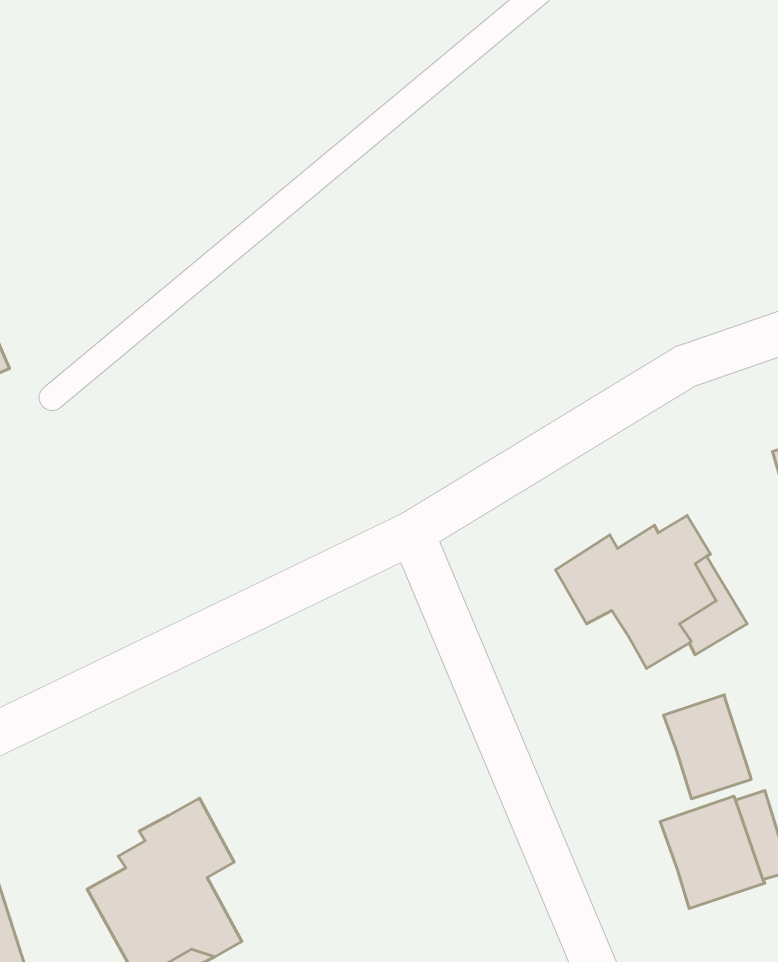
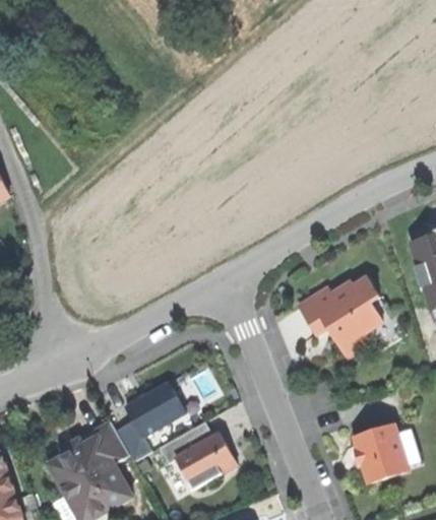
building: [664,695,751,799] -> none
building: none -> [115,382,185,462]
building: none -> [159,424,237,488]

